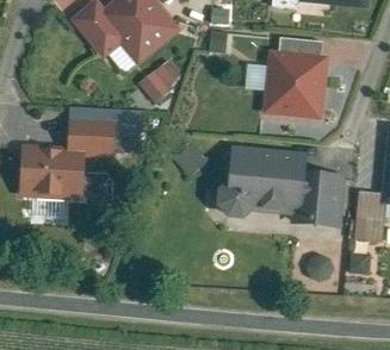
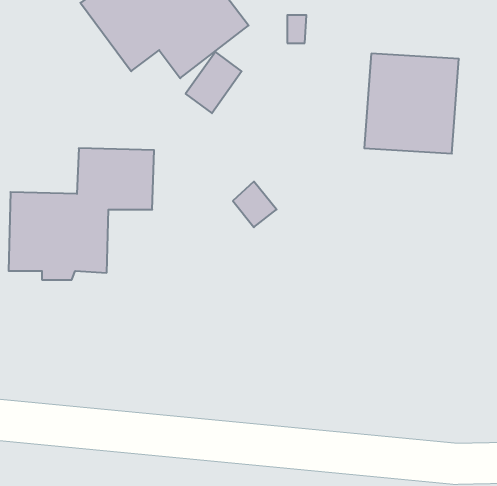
building: [217,146,347,229] -> none

